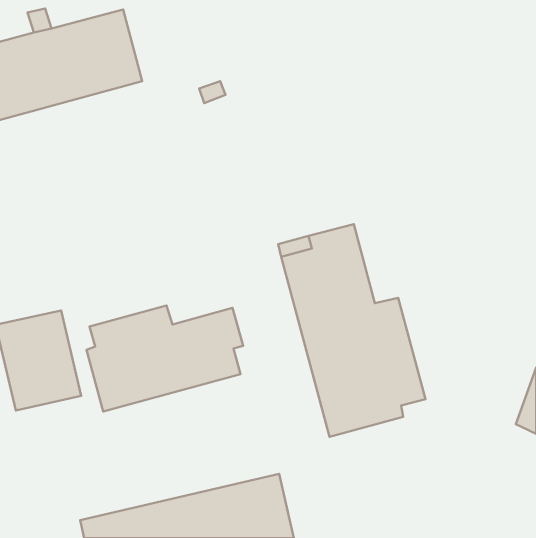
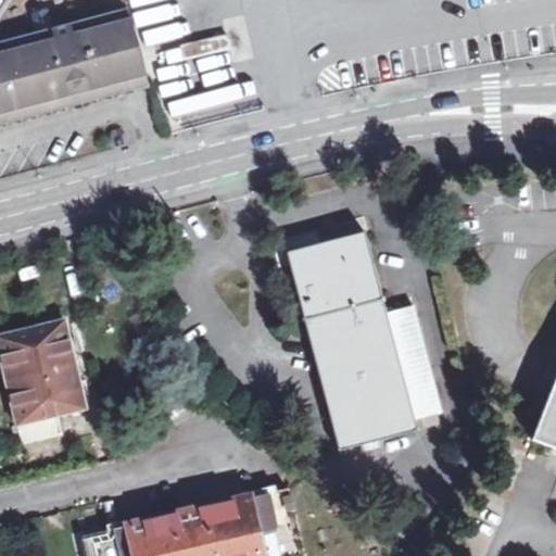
building: [87,305,243,412] -> none

